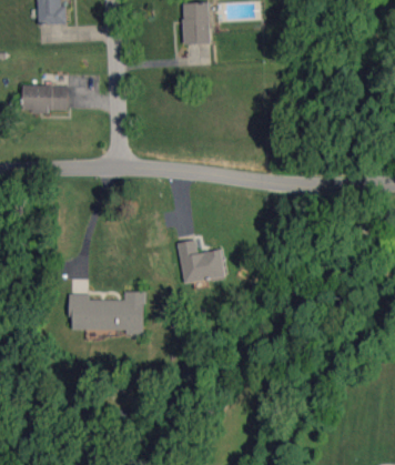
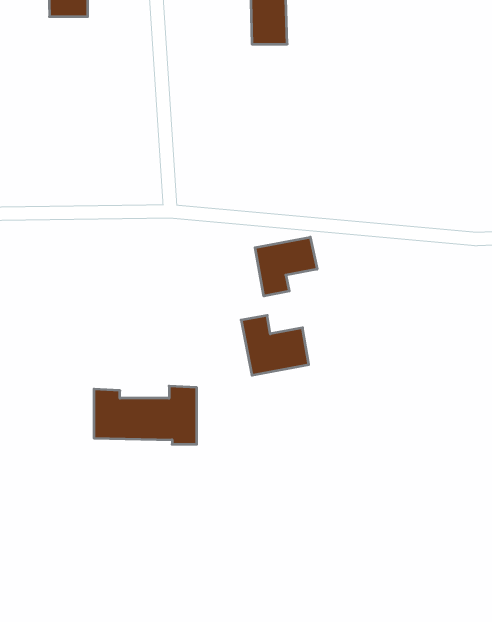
building: [22,84,68,111] -> none
building: none -> [255,237,317,296]

